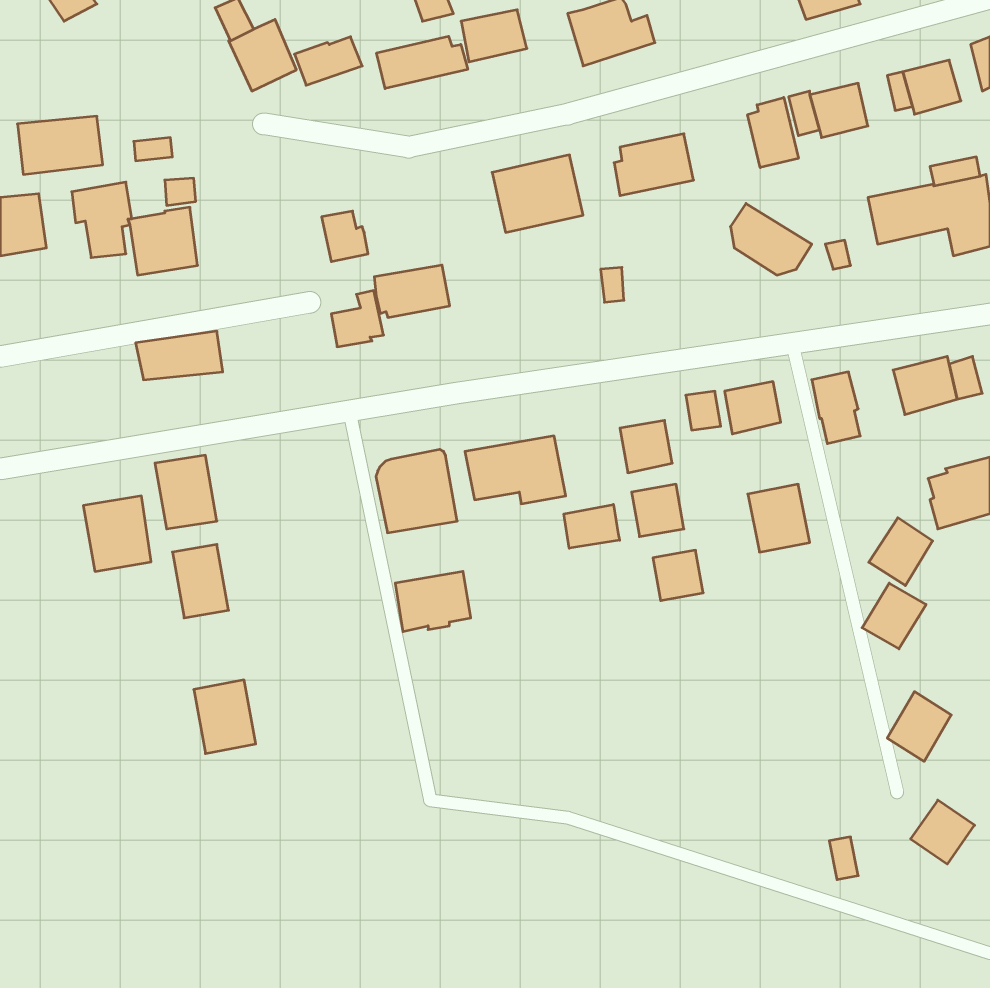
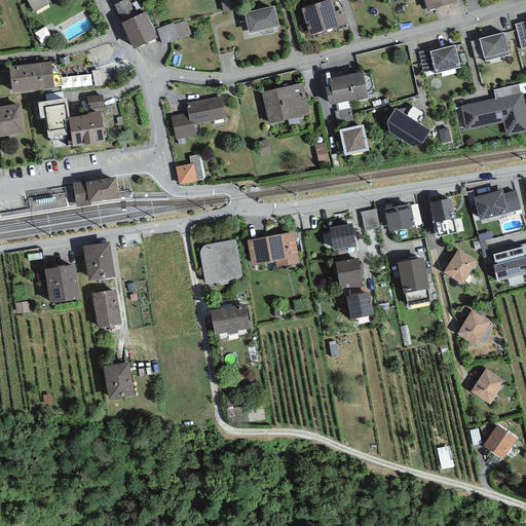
building: [377,36,468,89] -> none
building: [748,97,798,168] -> none
building: none -> [339,124,369,155]
building: [374,265,450,317] -> [186,96,226,123]
building: [564,504,620,548] -> none
building: [869,518,933,586] -> [443,248,477,284]

